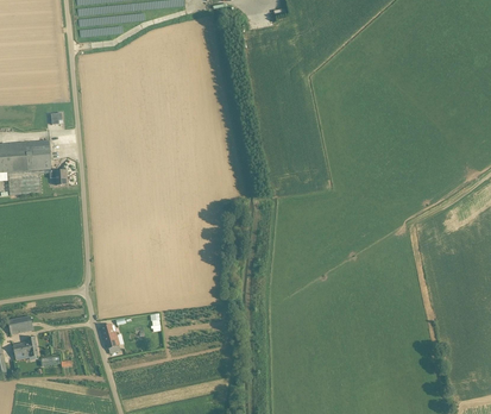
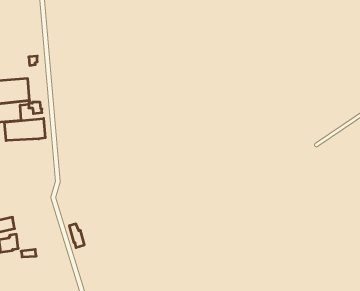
building: none -> [5,118,45,141]

